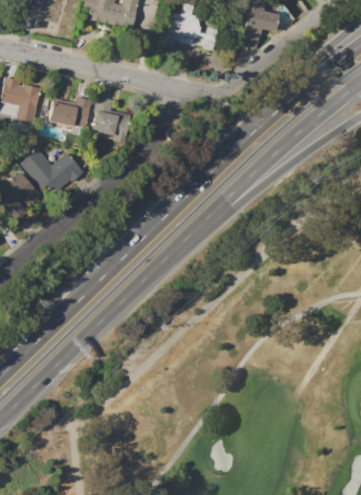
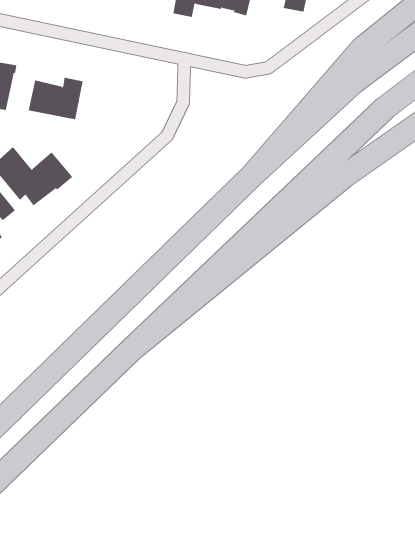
building: [91,96,131,142] -> none

